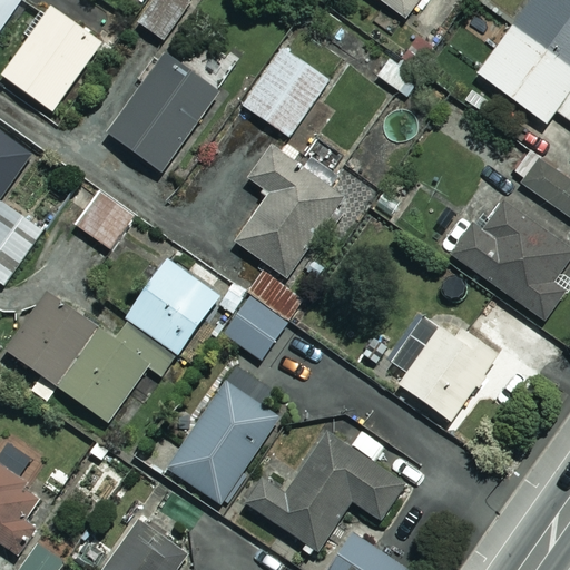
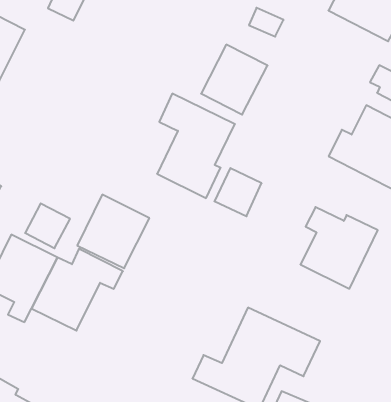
building: [242,48,328,137] -> [201,45,268,115]
building: [109,55,217,169] -> none
building: [77,191,135,249] -> [25,203,70,248]
building: [225,296,286,358] -> [214,168,262,216]
building: [168,382,278,503] -> none

